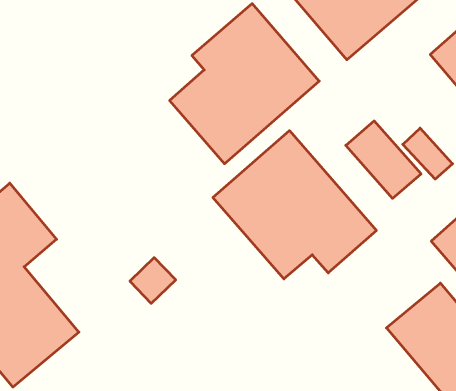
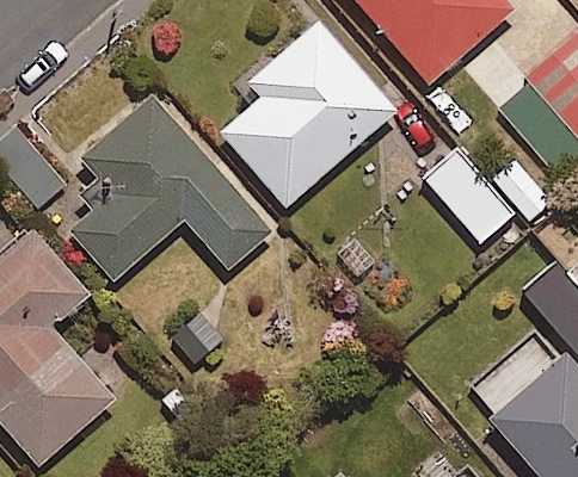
building: none -> [72,94,270,280]
building: [213,131,376,279] -> none

